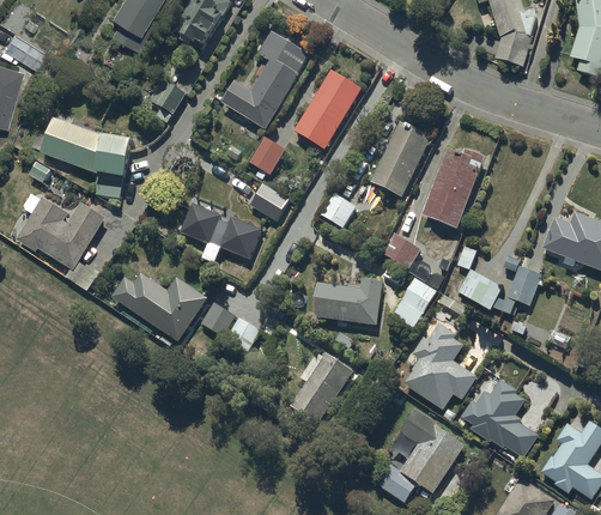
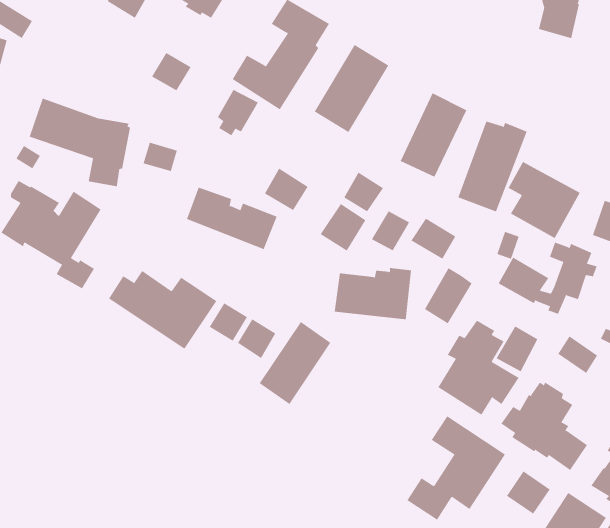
building: [249,140,286,182] -> [217,89,259,136]
building: none -> [143,142,177,172]
building: none -> [508,161,580,239]
building: none -> [320,203,366,252]
building: none -> [371,210,410,251]
building: none -> [496,325,538,372]
building: none -> [558,336,598,374]
building: [291,346,356,420] -> [259,321,331,405]
building: none -> [506,470,551,515]

